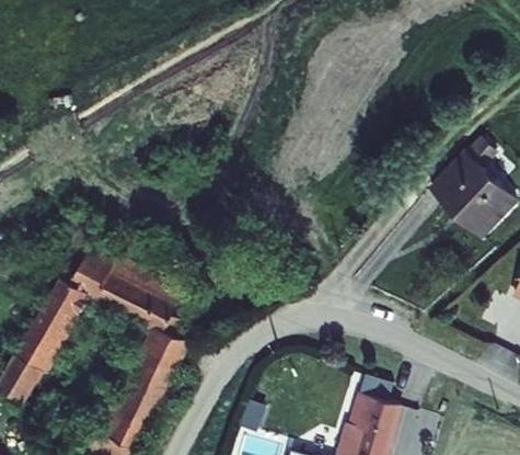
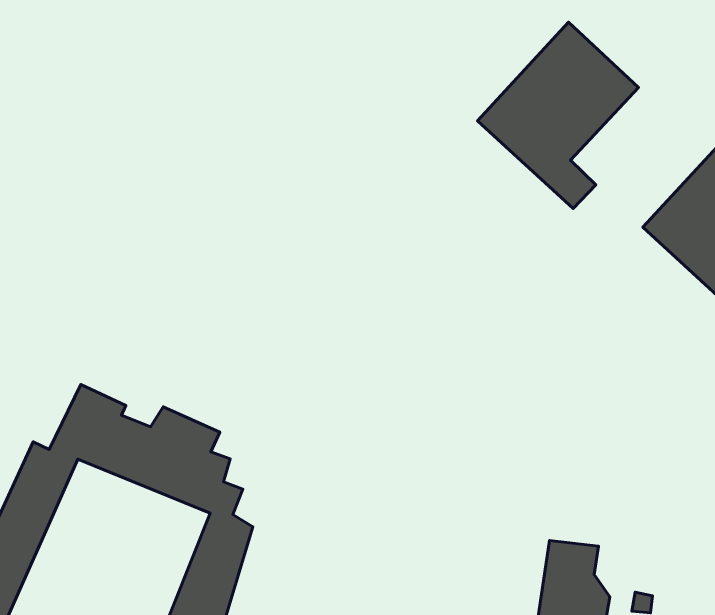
building: none -> [478,22,638,208]

